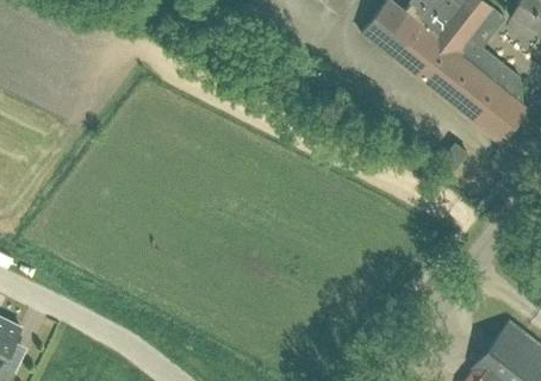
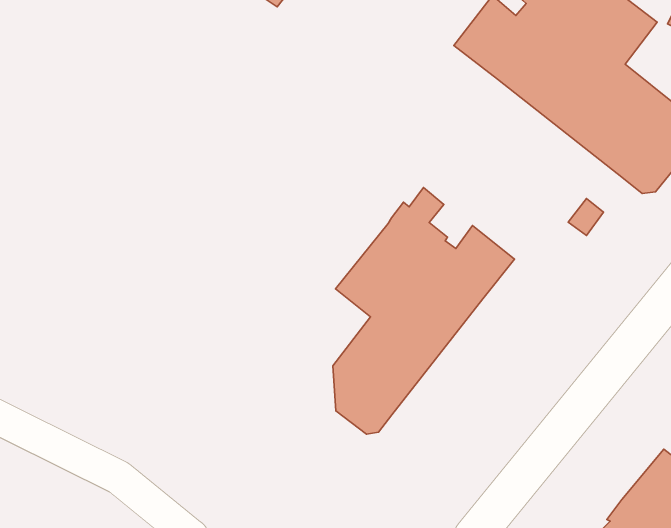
building: none -> [333,187,515,434]

